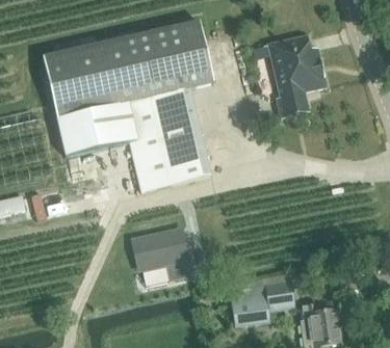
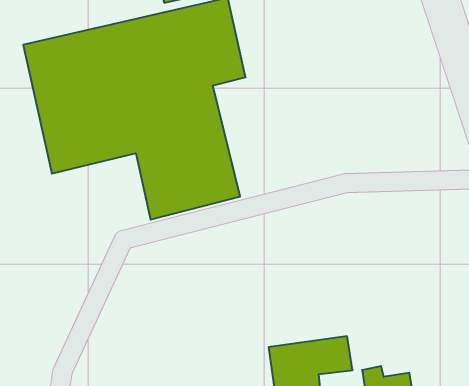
building: [263,35,326,118] -> none
building: [133,229,192,278] -> none

